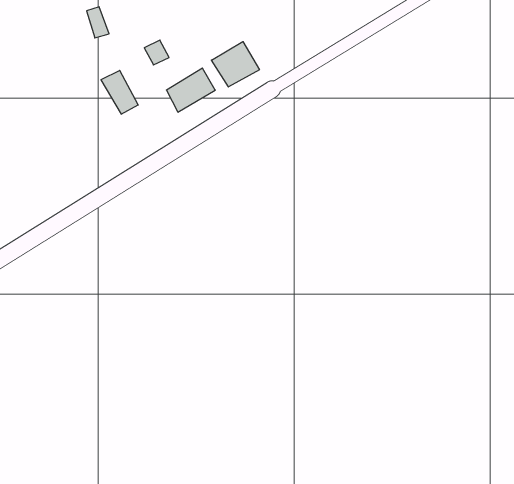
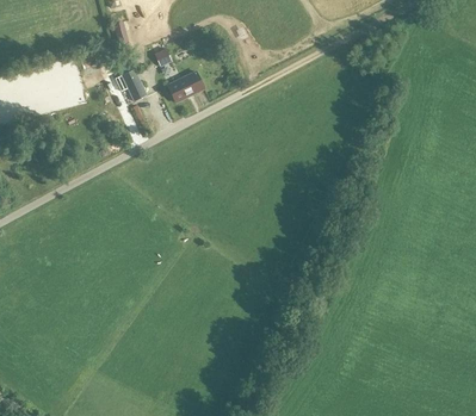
building: [211,42,259,87] -> none

